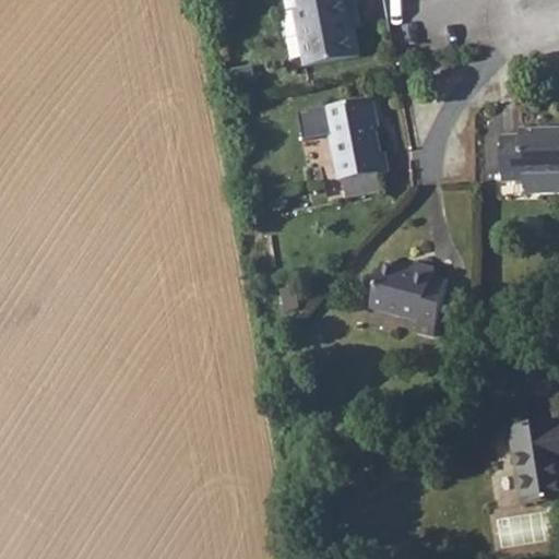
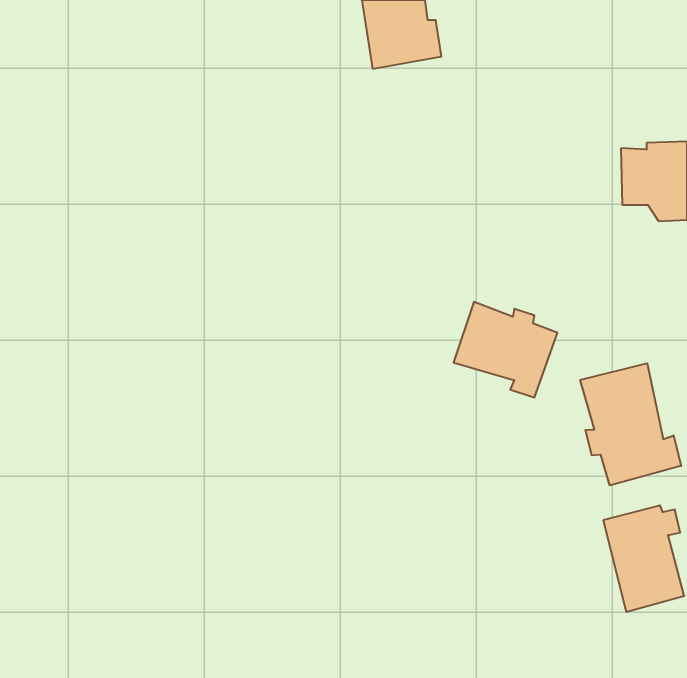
building: [299,108,394,190] -> none
building: none -> [580,363,681,485]

